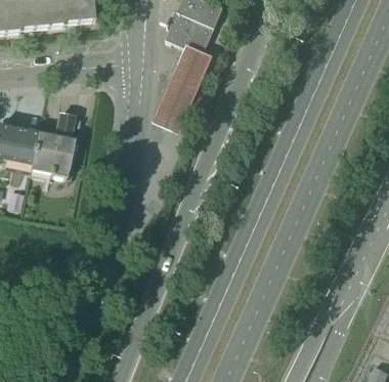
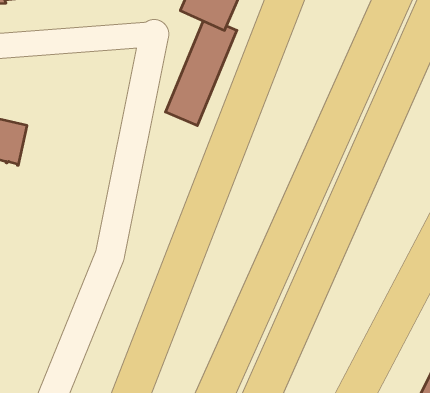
building: [35,109,80,176] -> none

